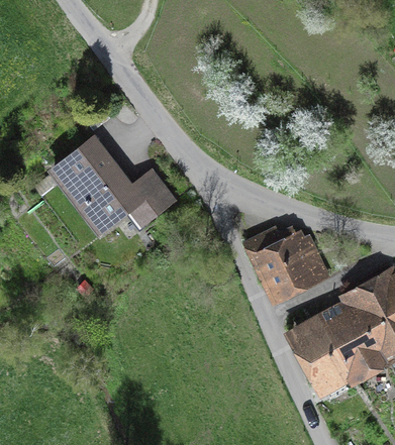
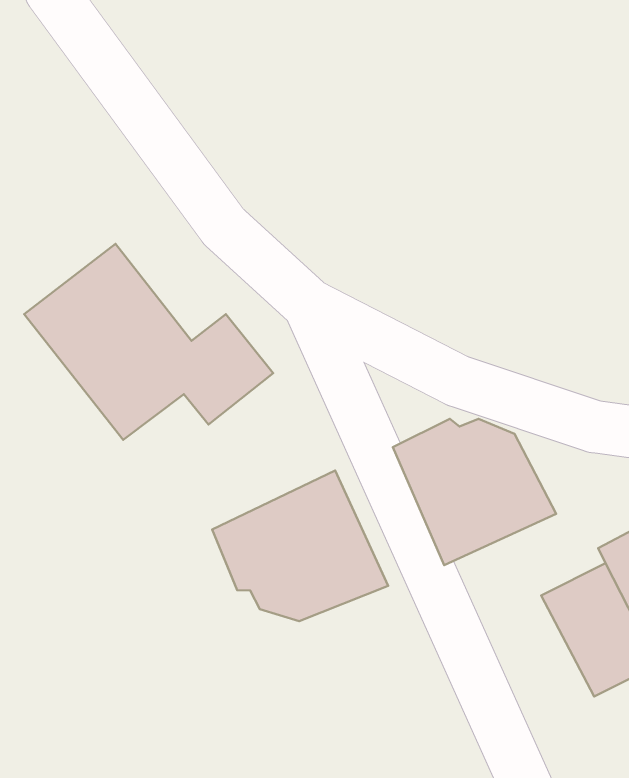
building: none -> [212,470,388,621]
building: [293,320,350,388] -> none

